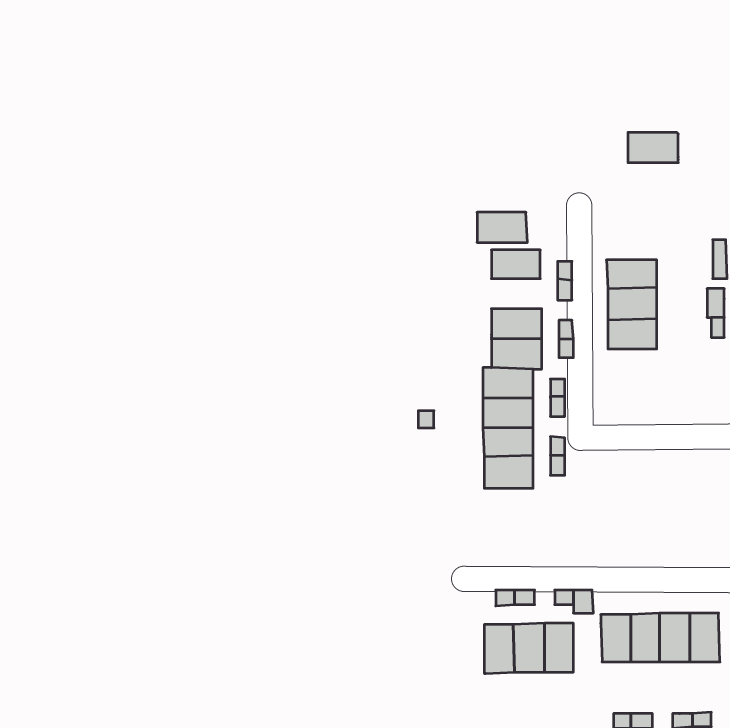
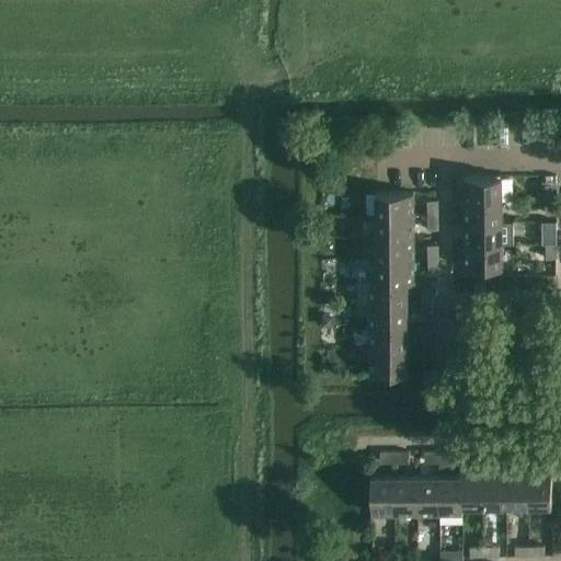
building: [628,132,678,163] -> [462,180,501,203]
building: [477,212,527,242] -> [375,217,413,240]
building: none -> [437,480,459,528]

